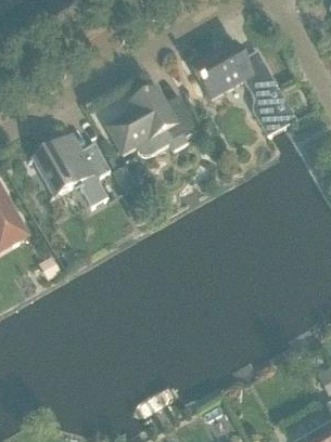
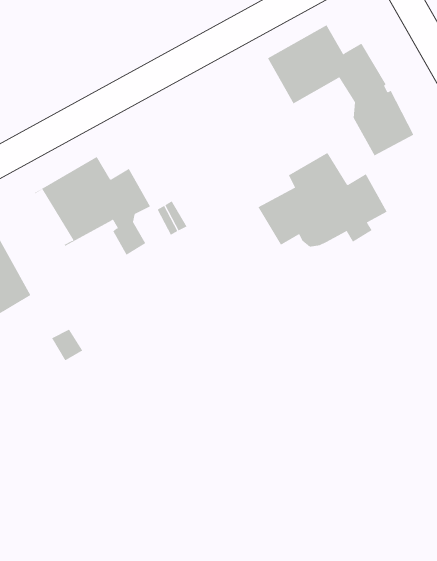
building: [105,86,198,153] -> [258,152,388,247]

